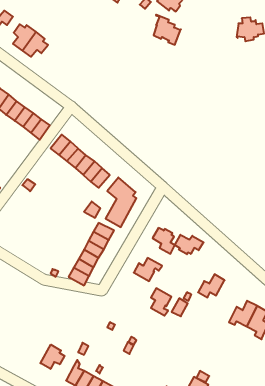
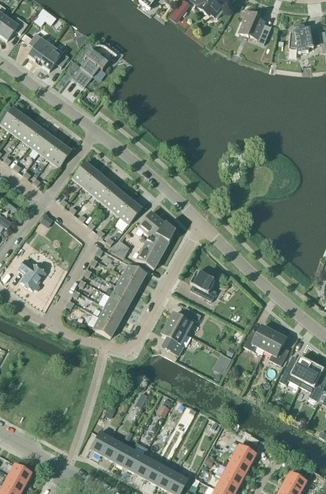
building: [154,15,181,45] -> [240,8,272,43]
building: none -> [72,45,115,87]
building: none -> [17,258,47,290]
building: [175,235,204,254] -> none
building: none -> [265,331,289,365]
building: [151,288,171,316] -> [163,322,187,354]
building: [40,345,65,369] -> none

